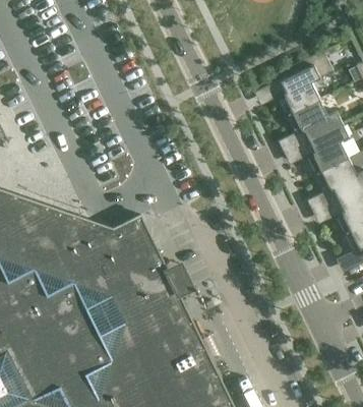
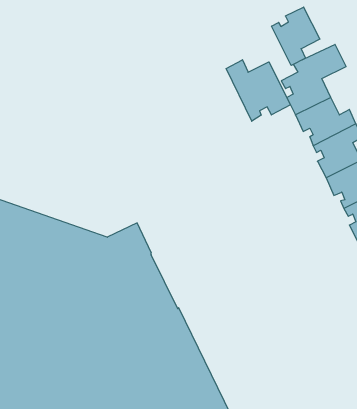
building: none -> [272,7,320,65]
building: none -> [226,60,290,121]

